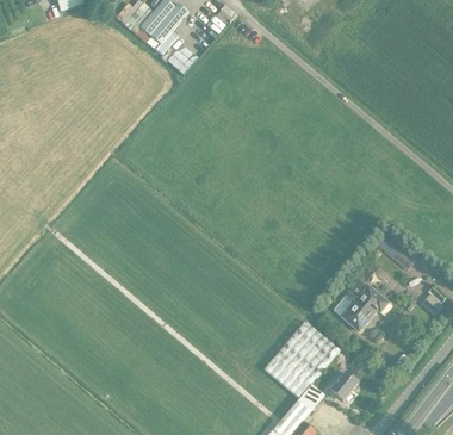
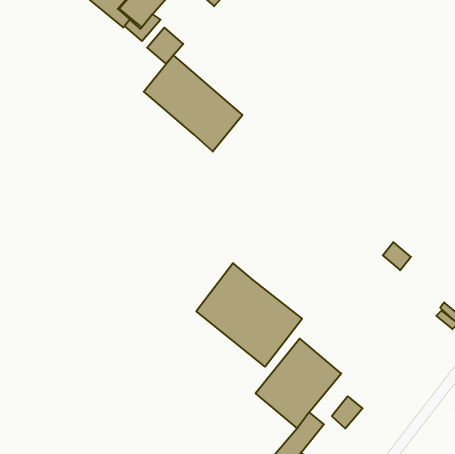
building: none -> [144,55,242,152]
building: none -> [196,263,302,367]
building: [341,282,387,328] -> none

